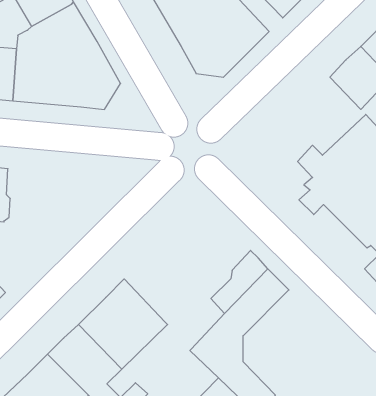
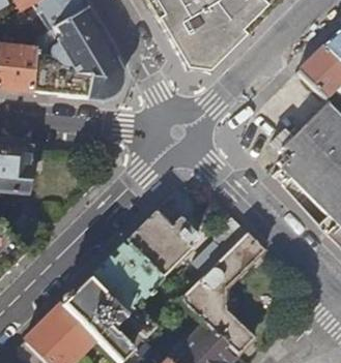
building: none -> [127,211,198,276]

